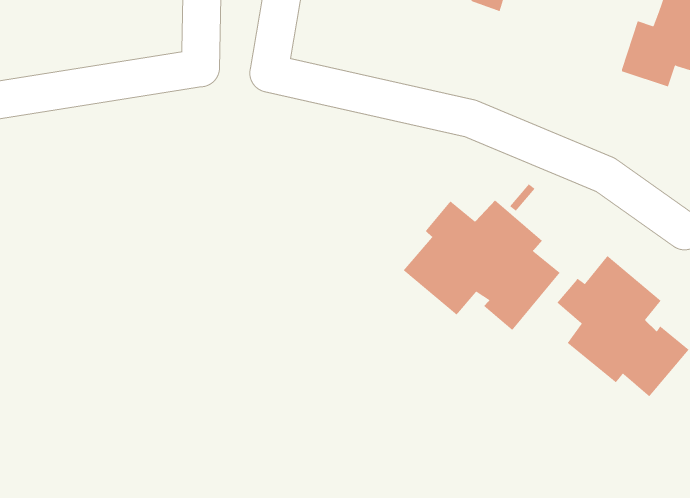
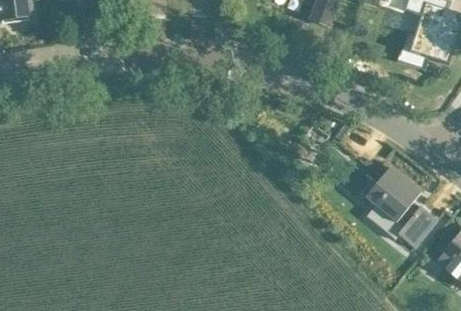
building: [403,200,561,331] -> none

